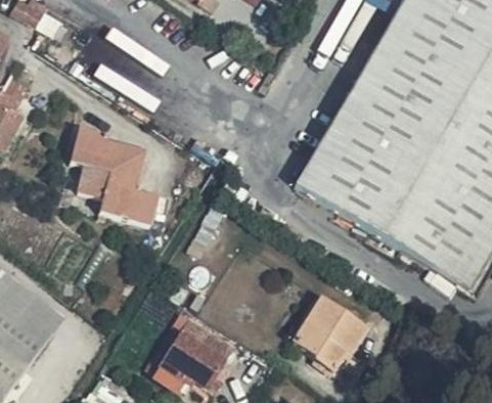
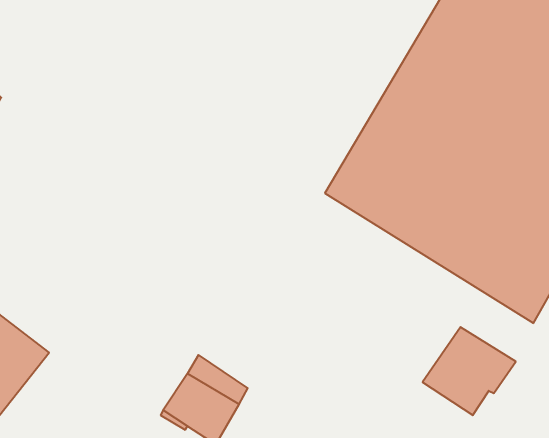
building: [69,124,159,224] -> none
building: [296,290,373,364] -> [423,327,516,415]

